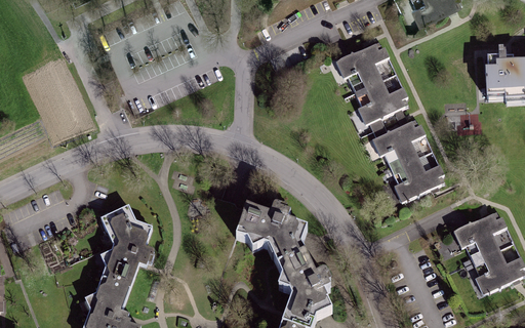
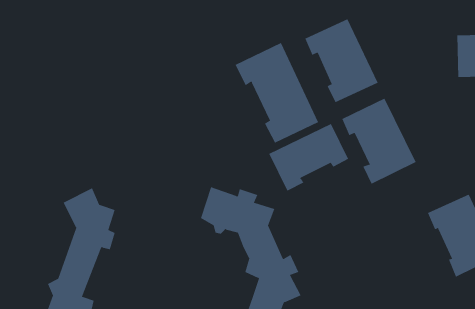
building: none -> [235,42,319,143]
building: none -> [269,123,349,191]

